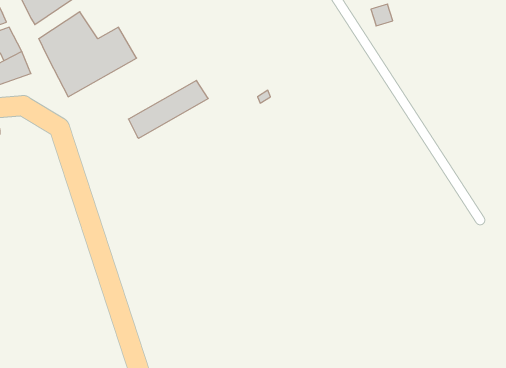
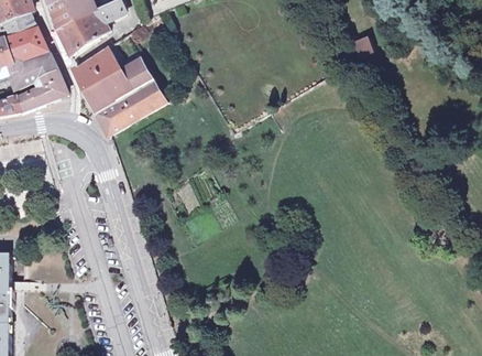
building: [128,80,208,138] -> [99,83,167,132]

